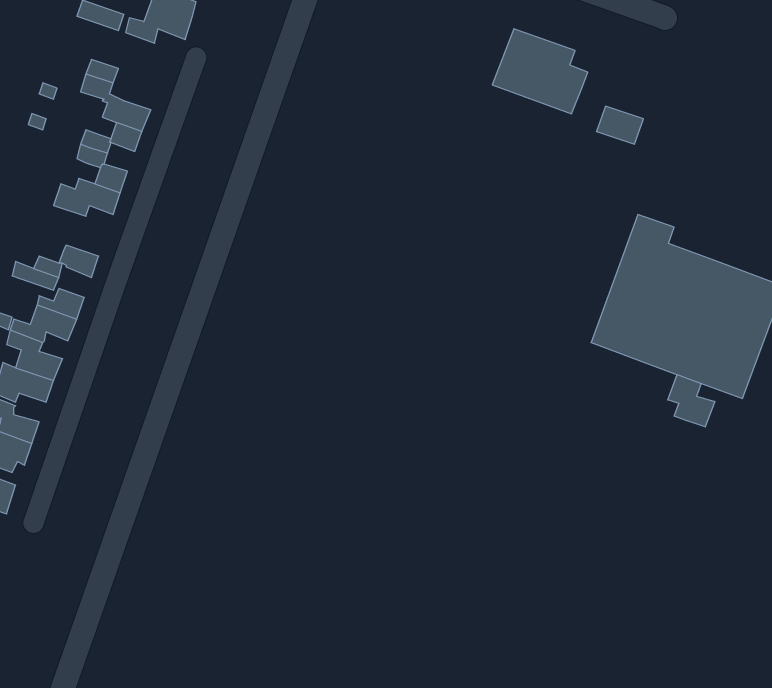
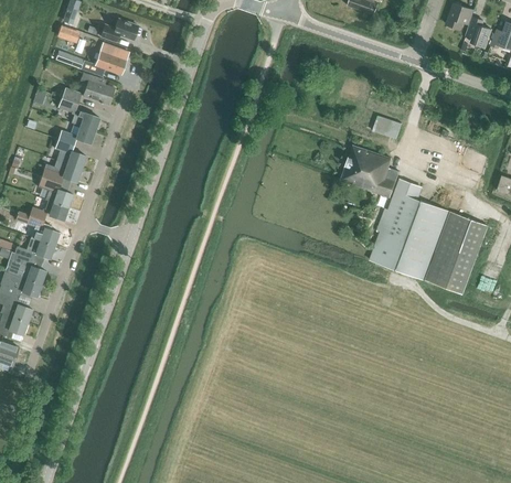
building: [492,29,588,114] -> [341,146,400,197]
building: none -> [79,72,115,105]
building: none -> [36,176,73,207]
building: [668,375,715,427] -> none

